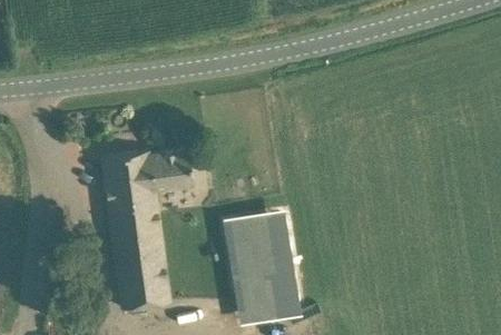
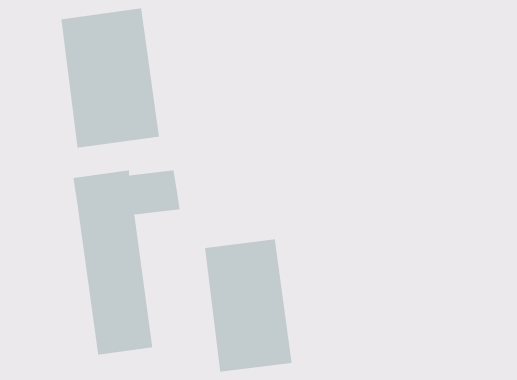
building: none -> [60,8,160,149]

